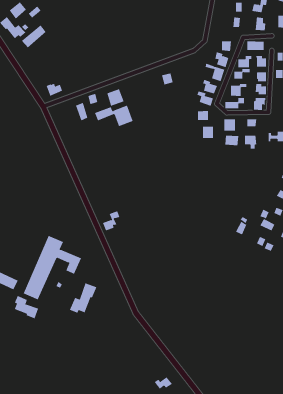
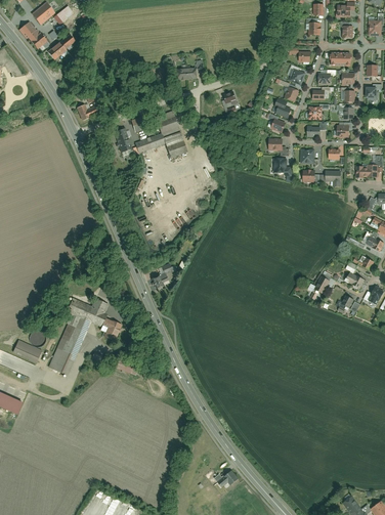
building: [69,282,97,314] -> none
building: [14,295,39,319] -> none

